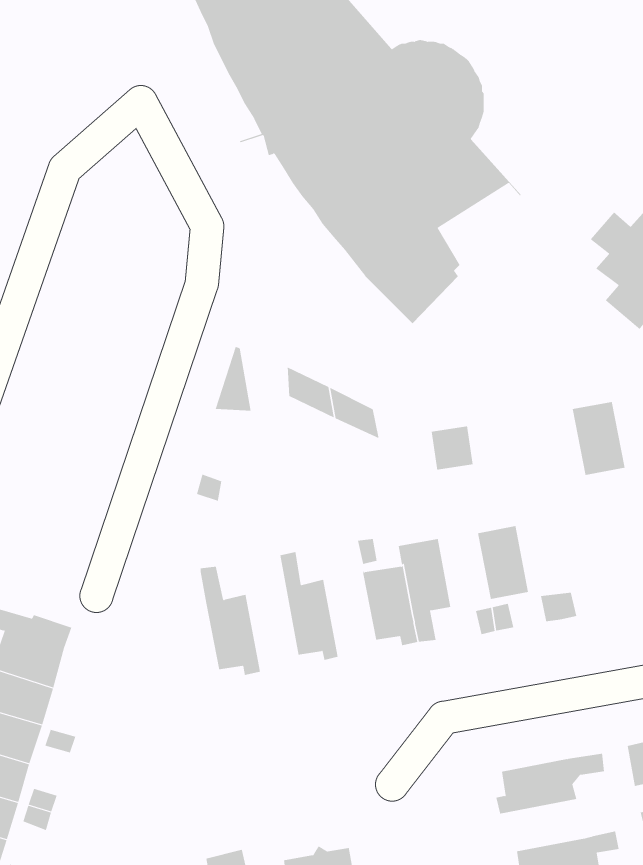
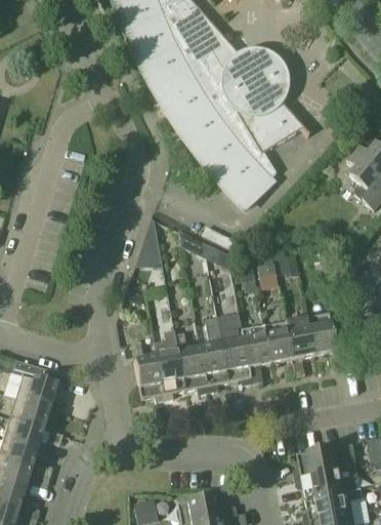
building: [572,401,626,475] -> [305,314,335,355]
building: none -> [199,320,227,391]
building: none -> [262,322,291,363]
building: none -> [153,330,184,399]
building: none -> [296,467,361,498]

